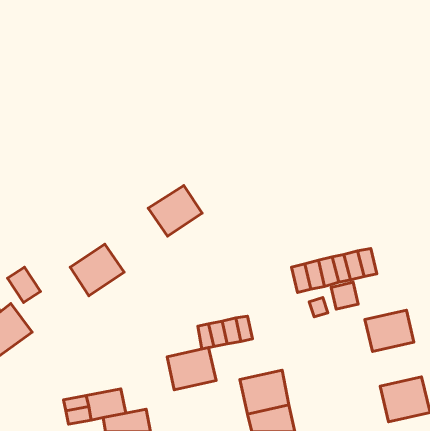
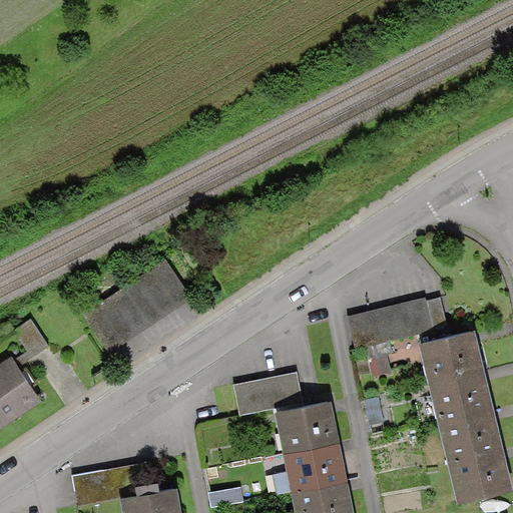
building: [148,185,202,236] -> [124,264,188,324]
building: none -> [424,331,482,380]
building: none -> [442,407,500,459]
building: [167,348,216,390] -> [277,401,335,451]

